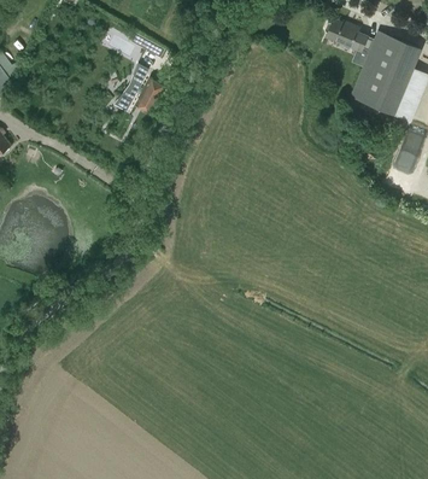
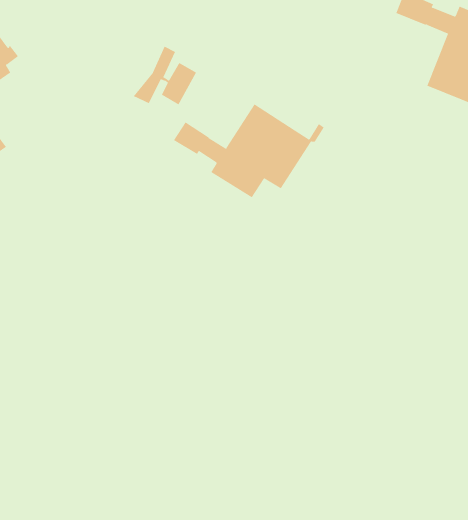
building: none -> [173,103,325,198]

